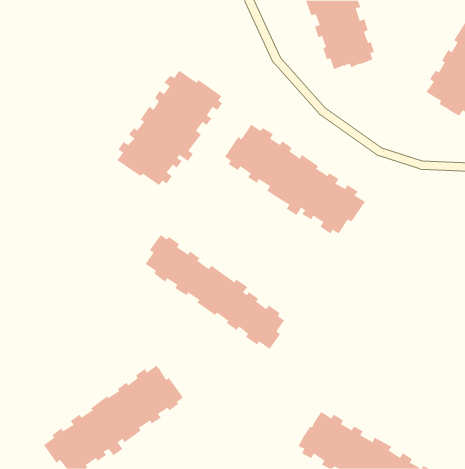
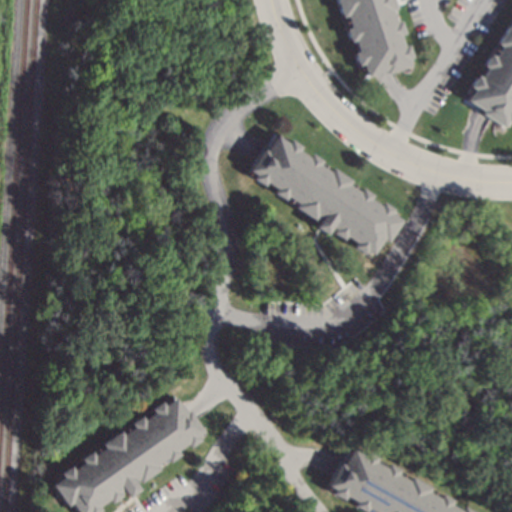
building: [116,70,223,186] -> none
building: [145,234,285,350] -> none

